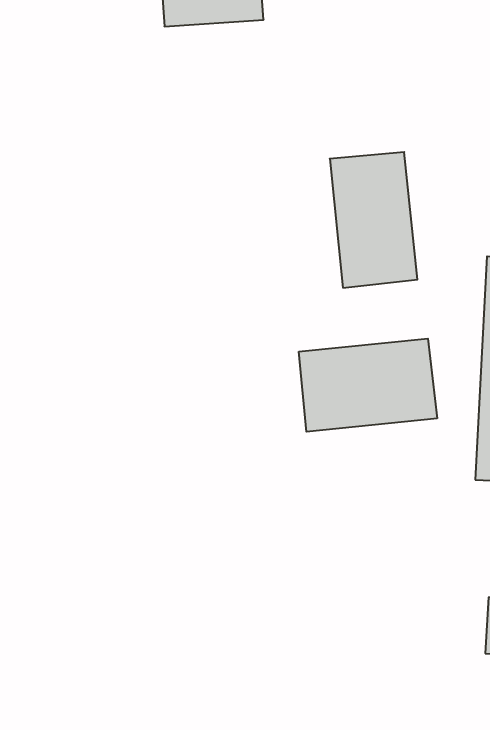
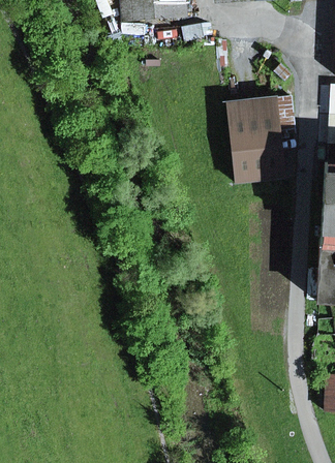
building: [299,339,437,432] -> none

